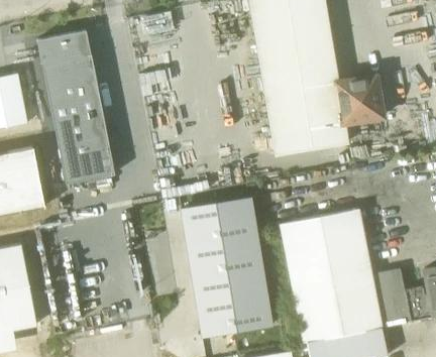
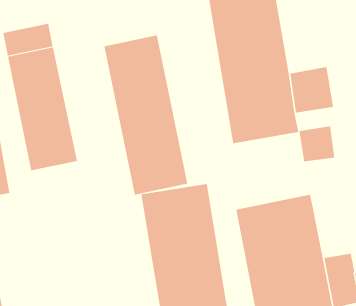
building: none -> [104,34,188,195]
building: none -> [299,126,335,162]

